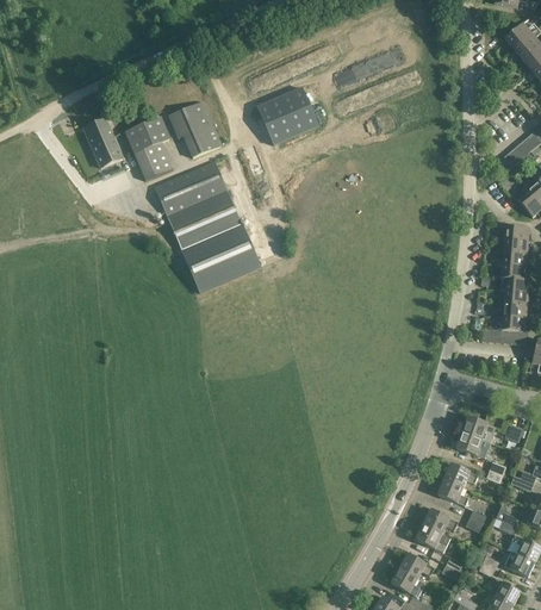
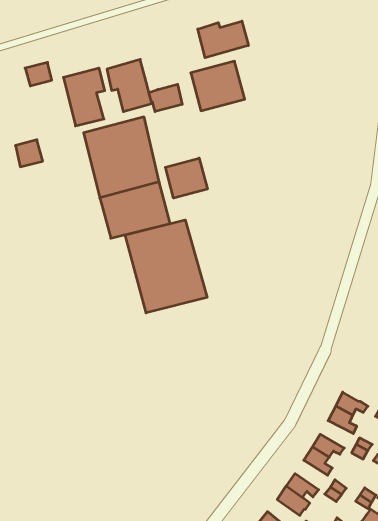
building: none -> [198,21,248,58]
building: none -> [149,84,182,112]
building: [92,136,123,167] -> [15,140,43,167]
building: none -> [165,158,207,198]
building: none -> [125,220,207,313]

